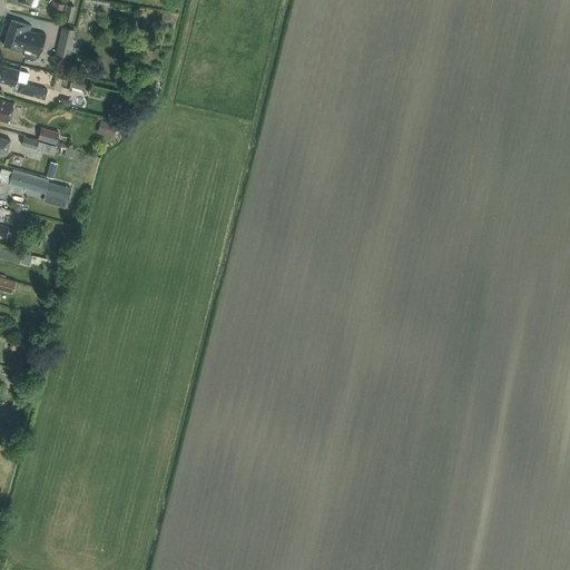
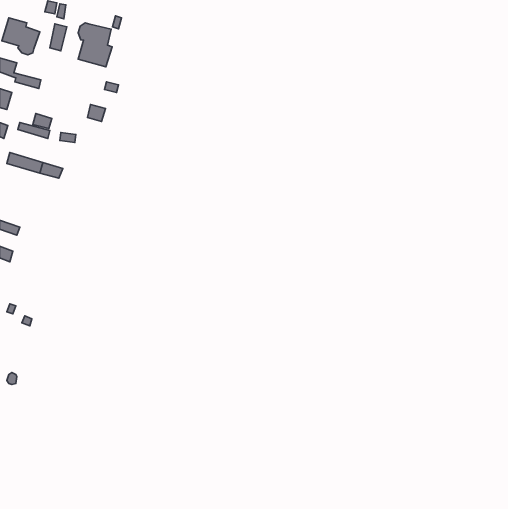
building: none -> [78,23,112,67]

